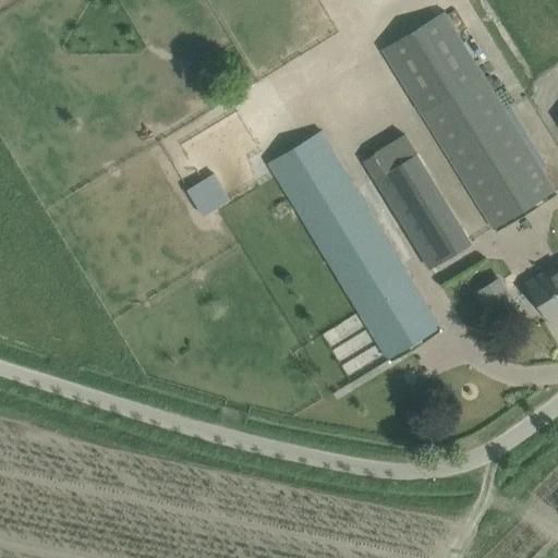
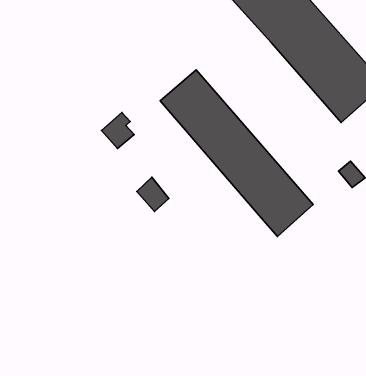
building: [363,135,472,270] -> none
building: none -> [137,177,169,212]

